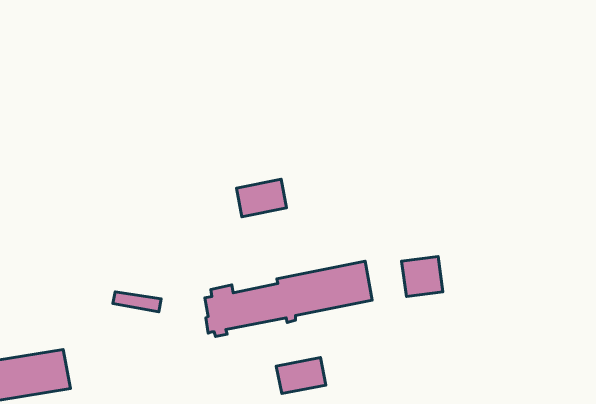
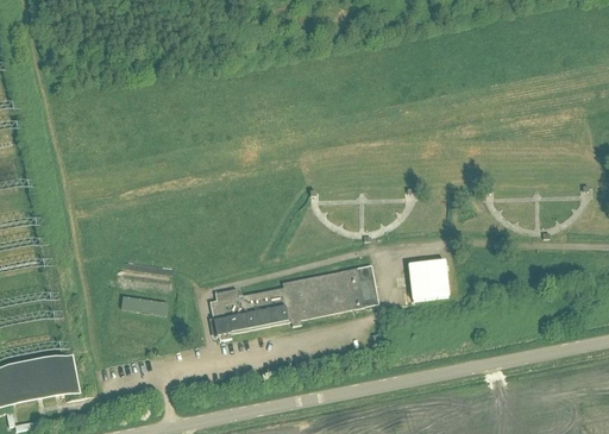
building: [236,179,287,217] -> none
building: [276,358,326,394] -> none

